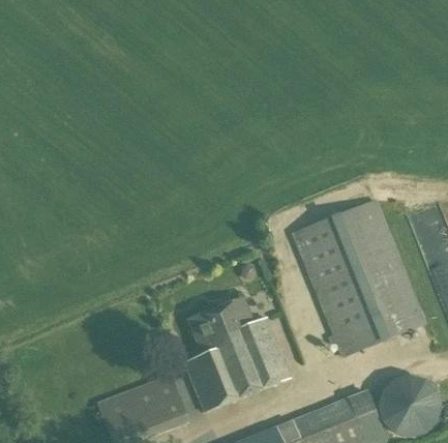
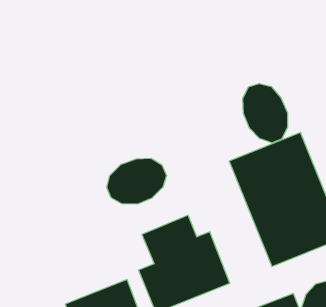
building: none -> [243,83,288,143]
building: none -> [107,158,167,204]

